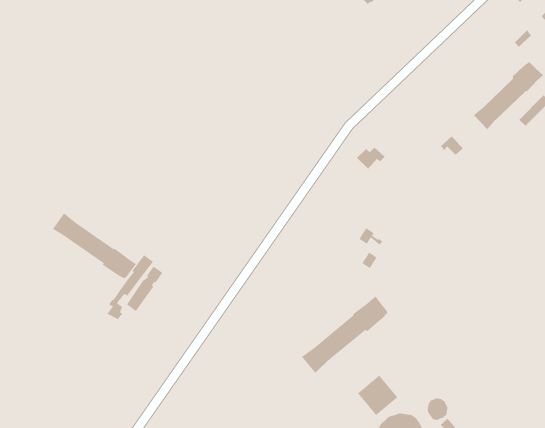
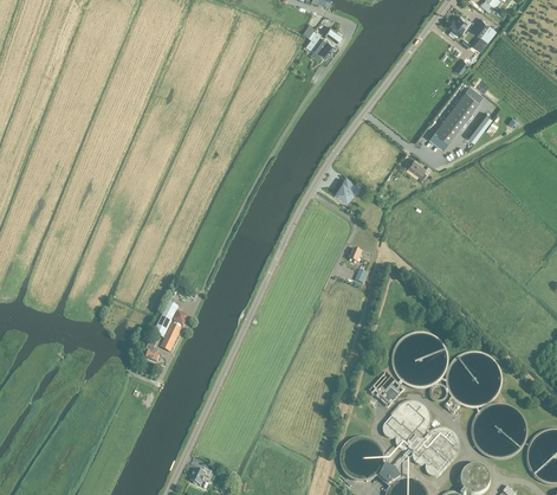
building: [52,212,137,279] -> none
building: [301,295,388,373] -> none

